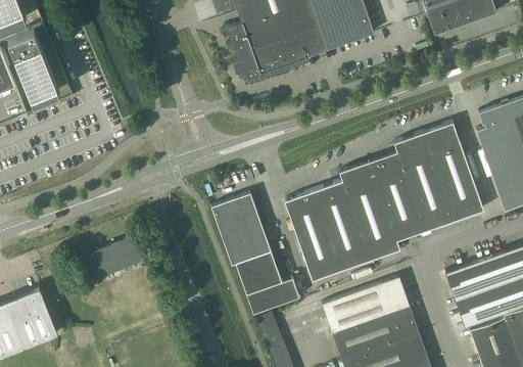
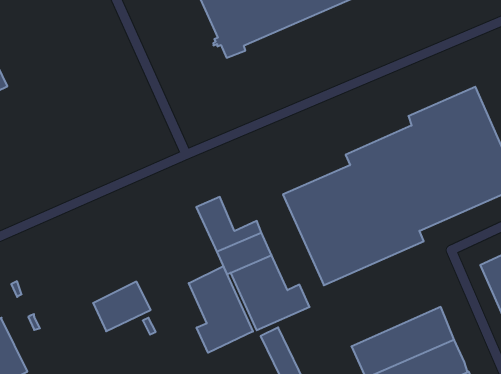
building: [231,193,260,229] -> none
building: [93,238,141,278] -> [93,282,151,331]
building: none -> [189,266,253,353]
building: [322,277,410,333] -> none

